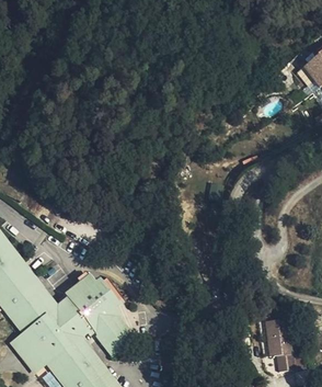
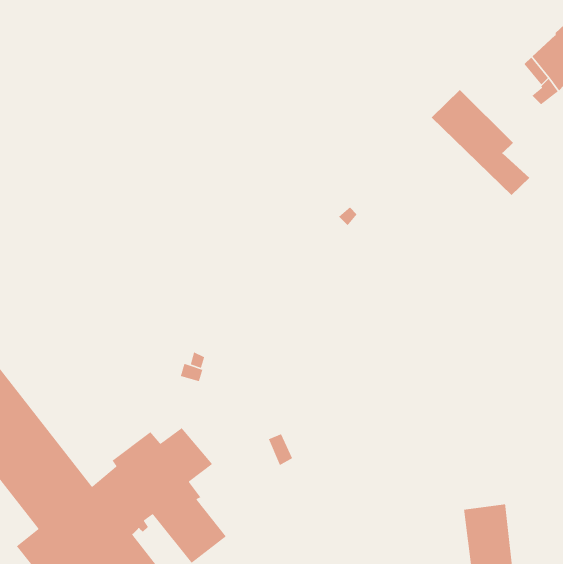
building: none -> [431,89,530,196]

